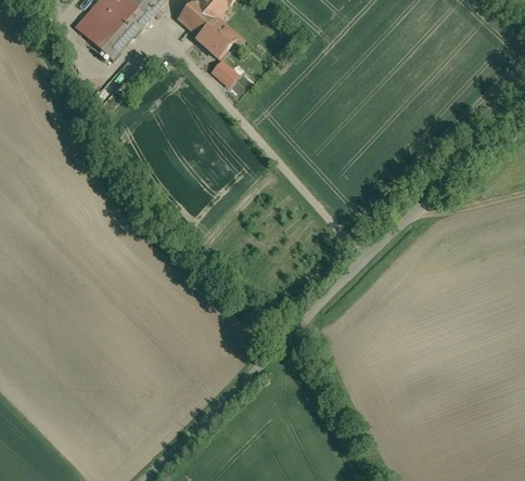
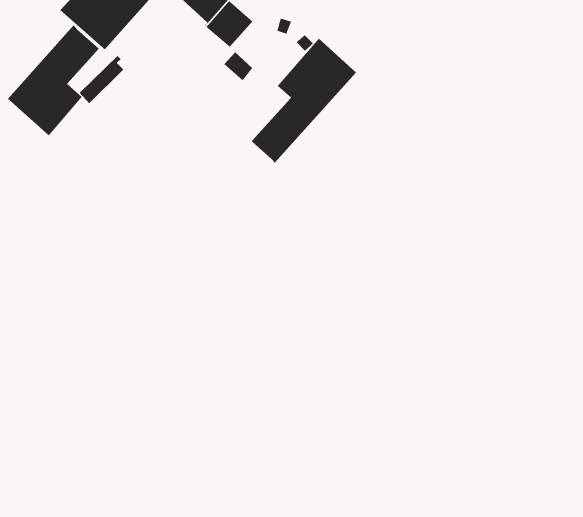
building: none -> [7,25,99,136]
building: none -> [251,38,357,164]

